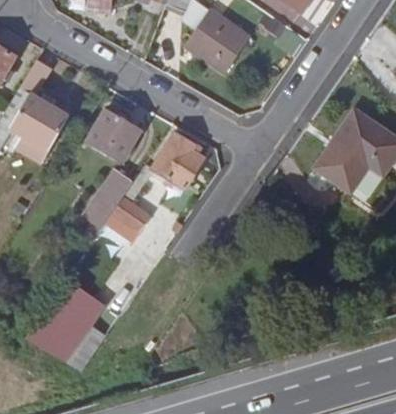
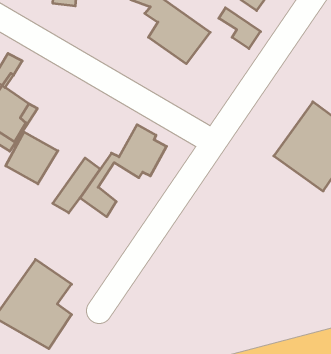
building: [86,106,141,161] -> [6,132,58,184]

